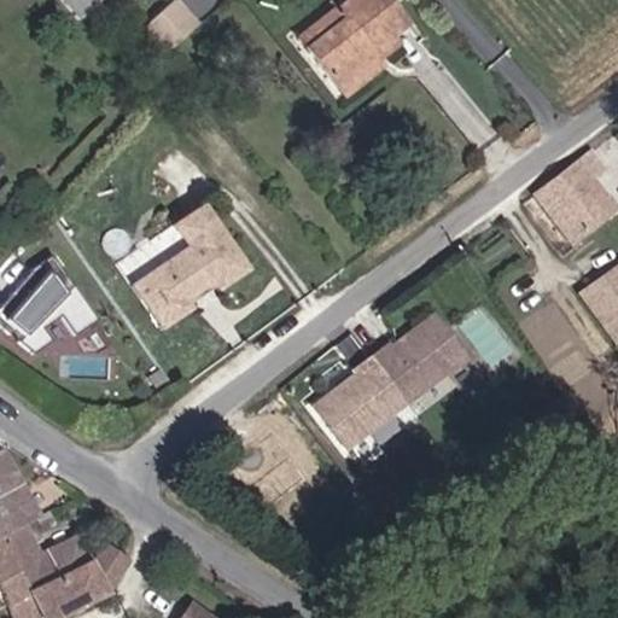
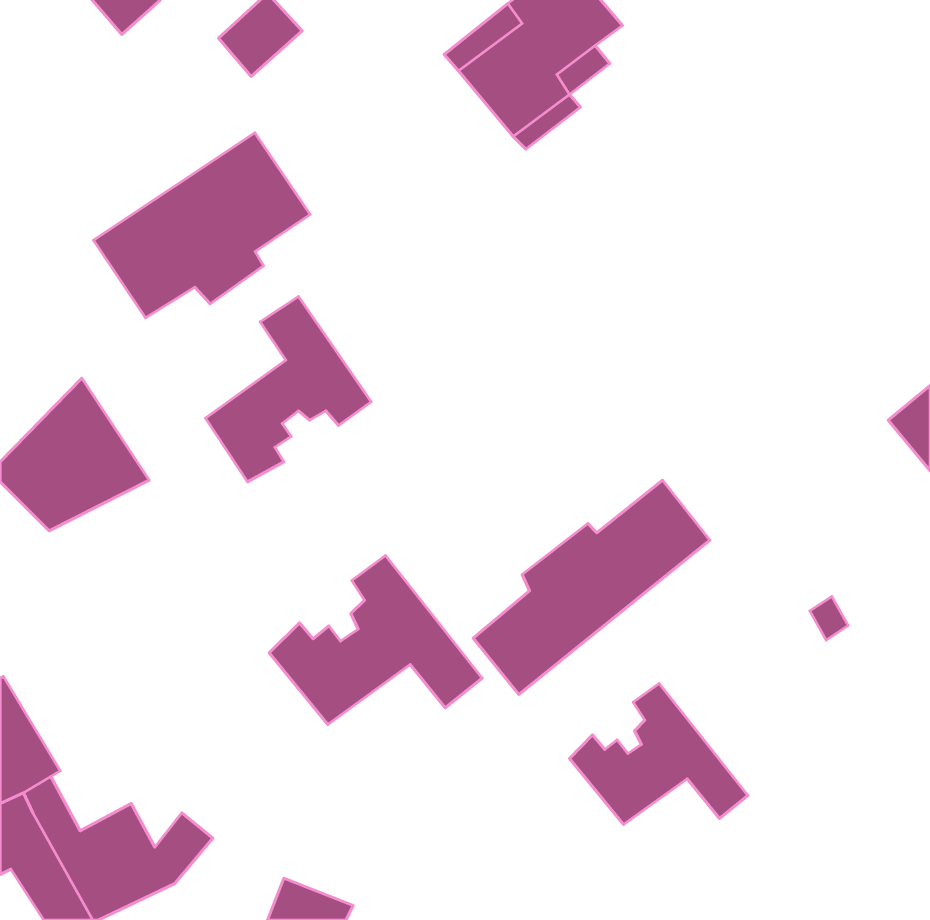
building: none -> [94,133,310,318]
building: [525,148,604,235] -> none
building: none -> [269,556,482,725]
building: none -> [570,683,748,825]

